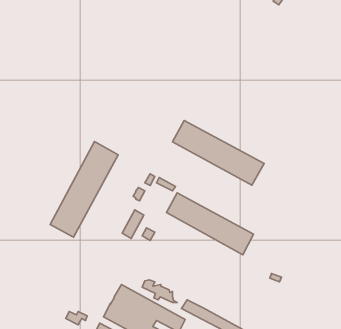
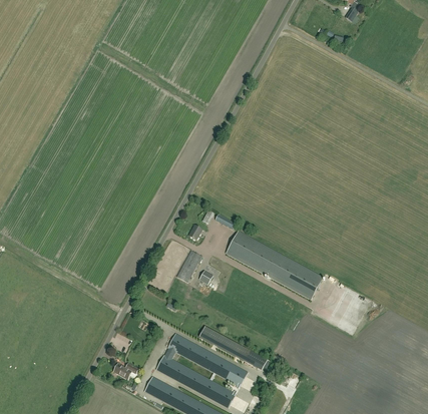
building: [173,121,264,185] -> none
building: [50,141,118,237] -> none

